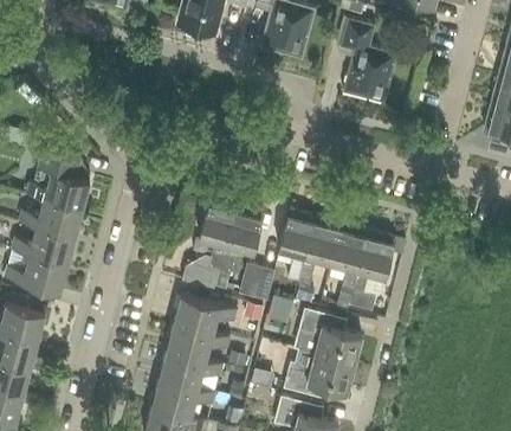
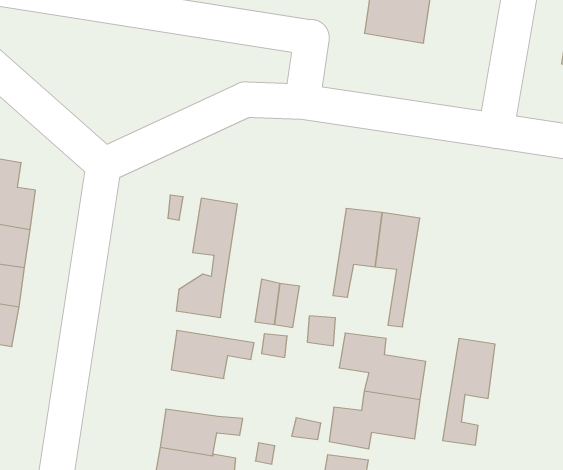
building: [219,206,263,272] -> none
building: [278,211,315,281] -> none
building: [348,231,394,310] -> [443,338,495,445]
building: [167,322,229,360] -> none

